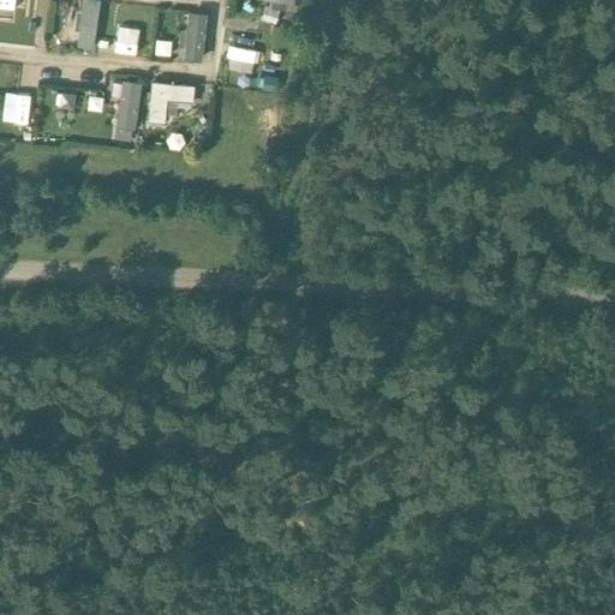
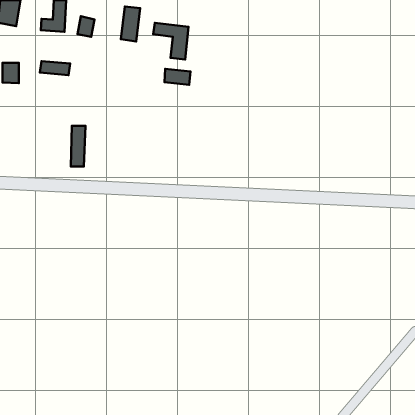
building: [117,82,138,142] -> [71,126,86,167]
building: [149,84,193,126] -> none
building: none -> [165,69,191,85]

